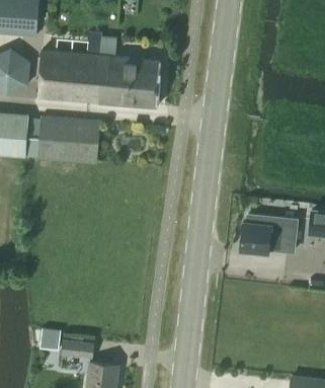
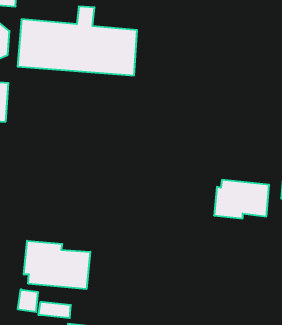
building: [38,117,99,162] -> none
building: none -> [24,241,90,289]

